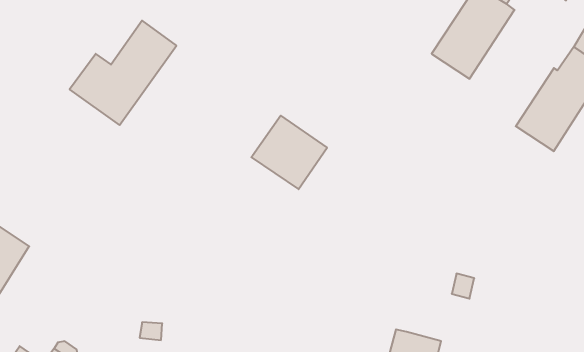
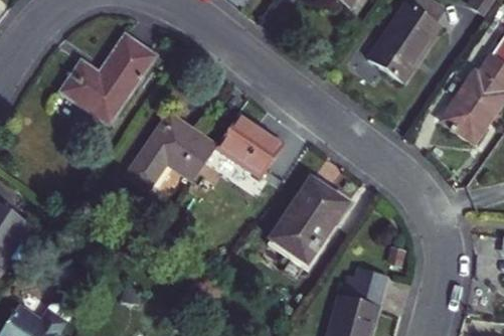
building: none -> [128,114,217,188]
building: none -> [269,180,345,264]
building: none -> [348,267,385,305]

